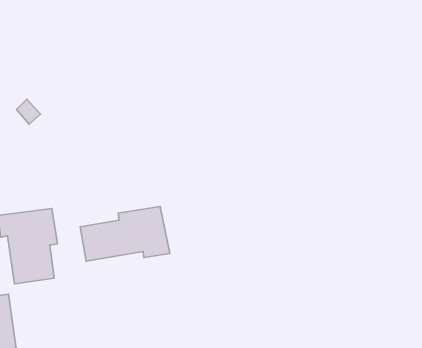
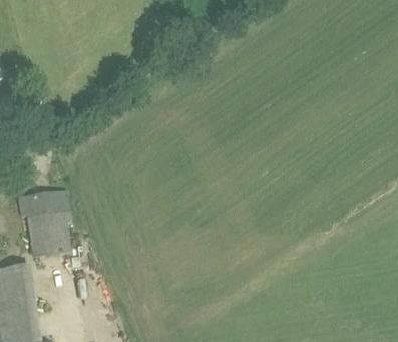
building: [80,207,170,261] -> none

